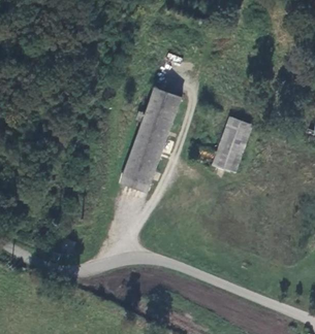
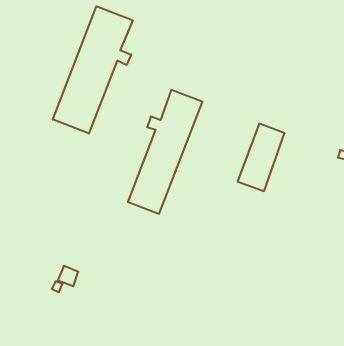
building: none -> [53,6,133,134]

